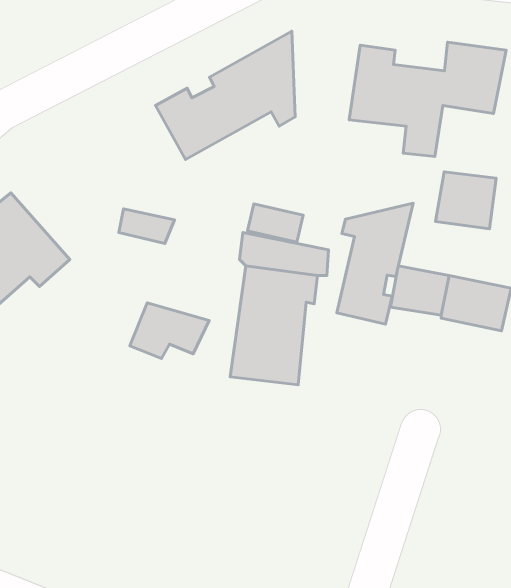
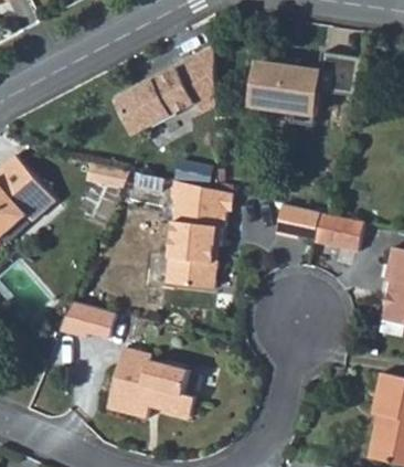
building: [436,172,496,229] -> none
building: [337,203,413,324] -> none
building: [130,303,209,358] -> [61,300,116,339]
building: none -> [108,350,194,422]

